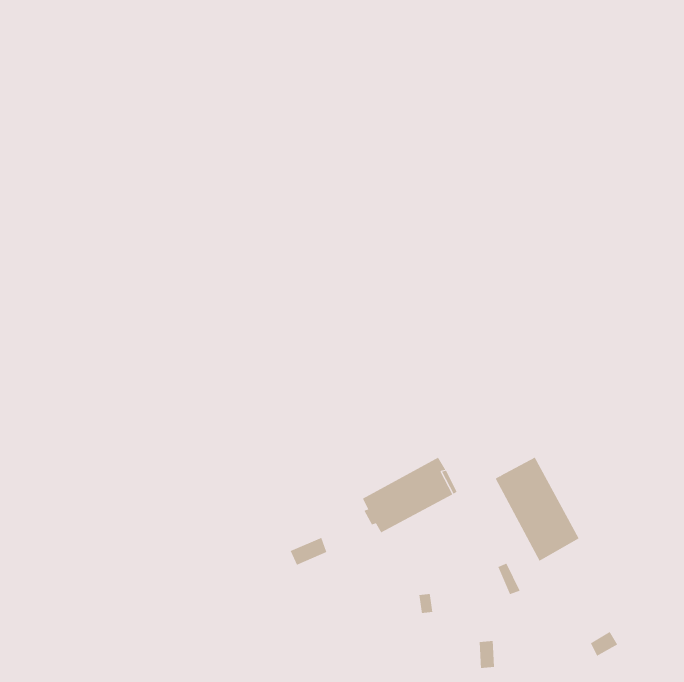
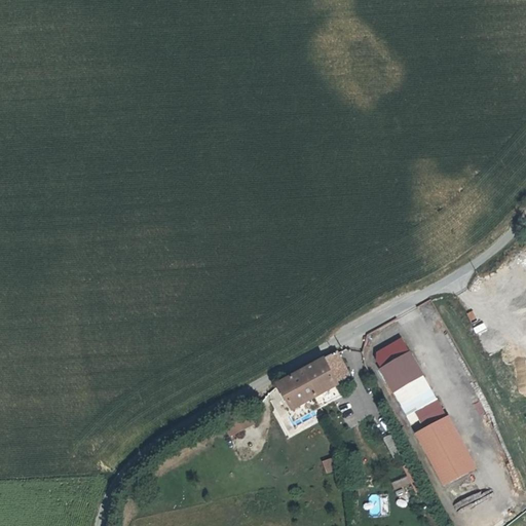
building: none -> [375,336,410,365]
building: none -> [413,413,475,484]

